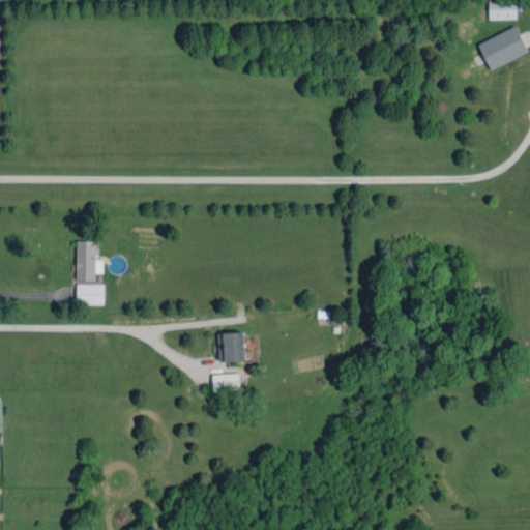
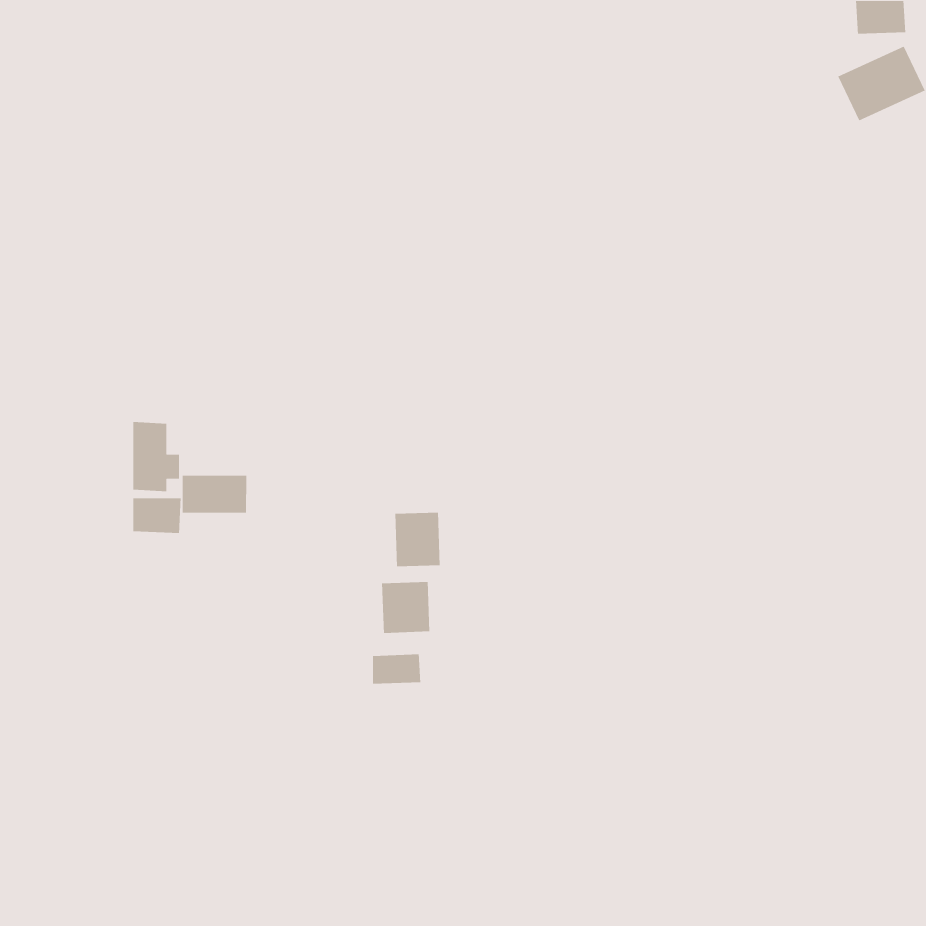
building: none -> [182,475,247,514]
building: none -> [394,512,441,567]

